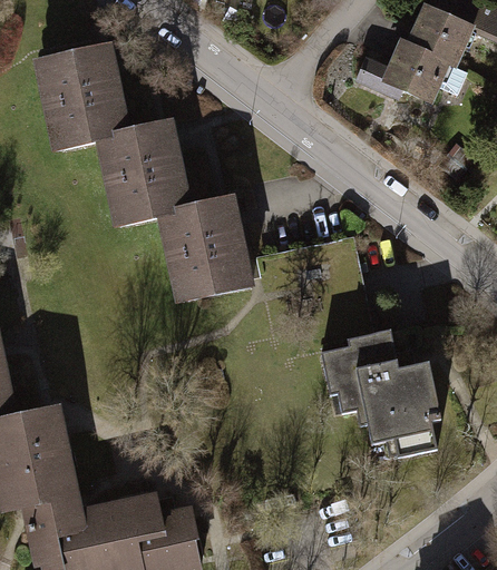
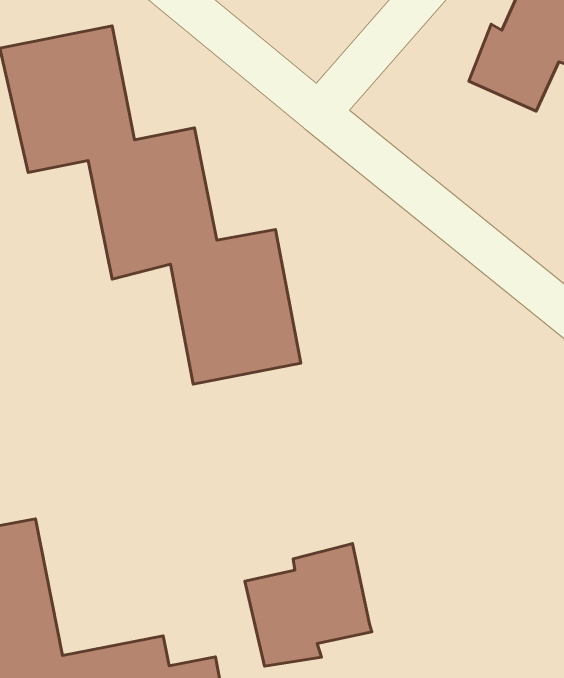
building: [320,330,442,460] -> none
building: none -> [245,544,372,666]

